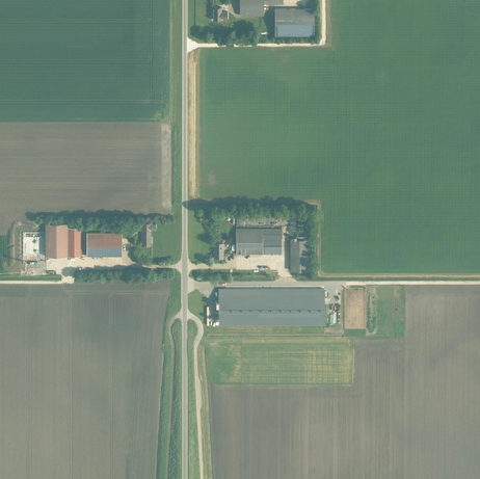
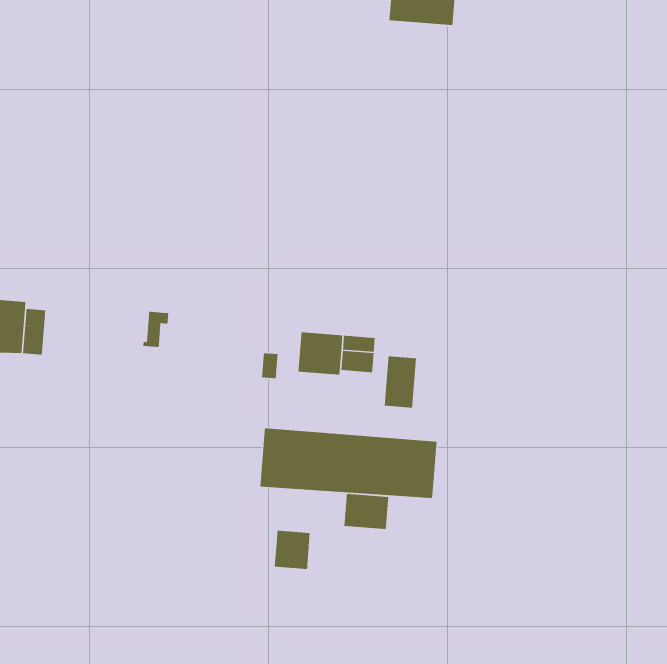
building: [86,233,121,256] -> none
building: none -> [343,493,389,530]
building: none -> [274,530,311,570]

